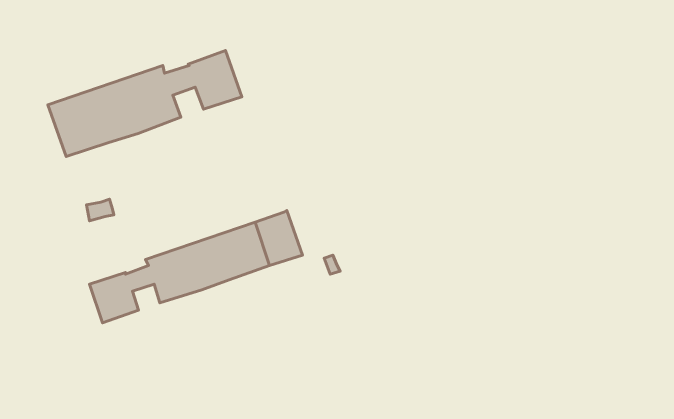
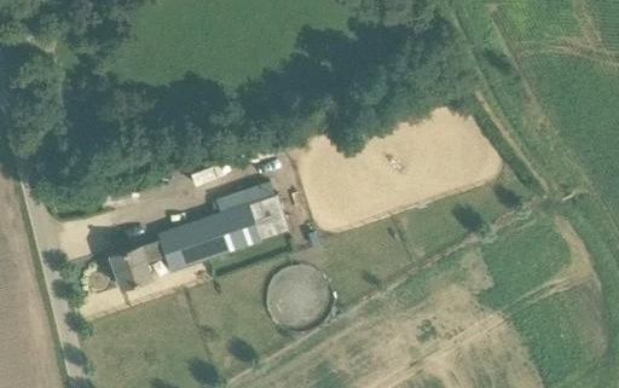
building: [48,50,242,156] -> none

